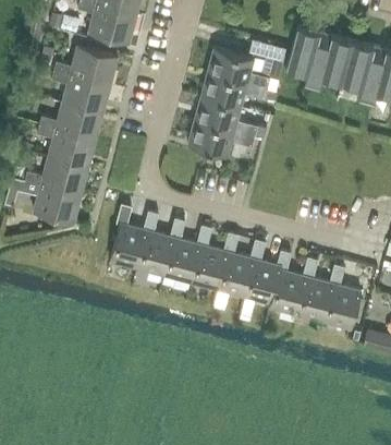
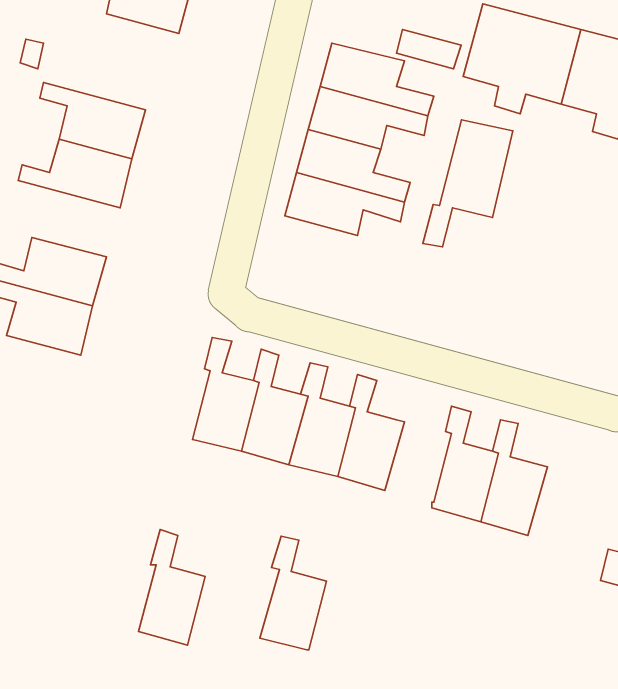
building: [54,48,119,86] -> none
building: none -> [423,120,513,247]
building: [38,125,97,168] -> none
building: [110,205,147,269] -> [139,530,205,645]
building: [244,241,281,304] -> [260,536,326,650]
building: [323,265,362,329] -> none

